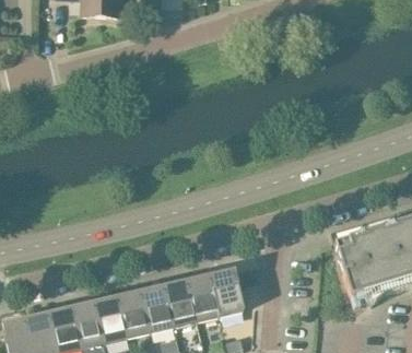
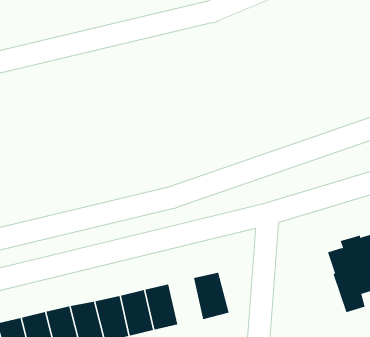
building: [187,275,219,319] -> none

